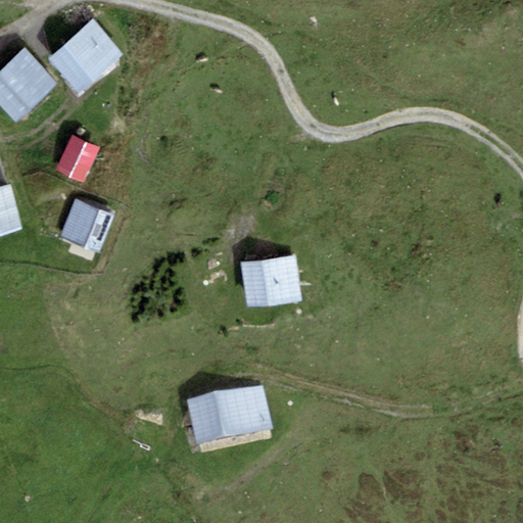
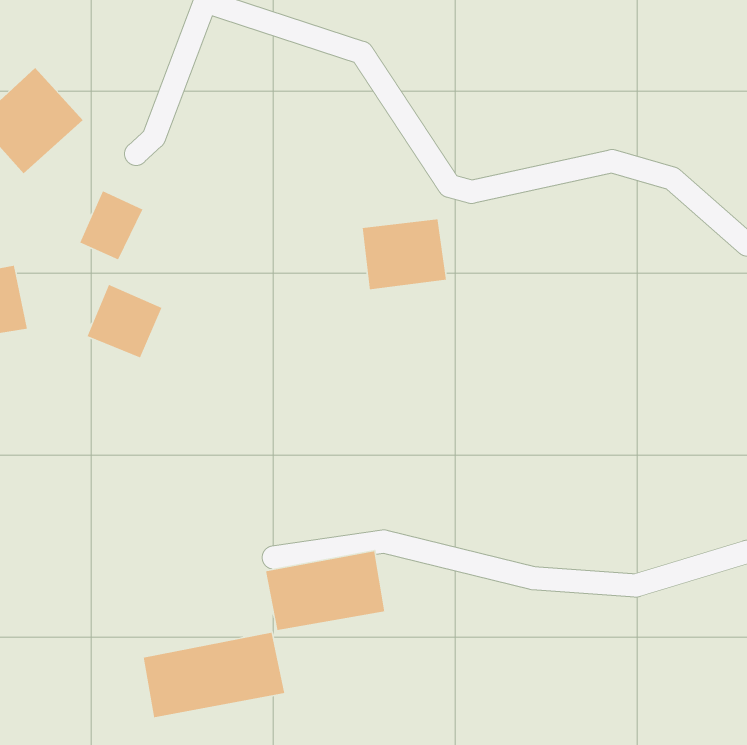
building: [49,19,123,92] -> none
building: [241,254,300,304] -> [362,219,447,290]
building: none -> [143,632,285,718]

